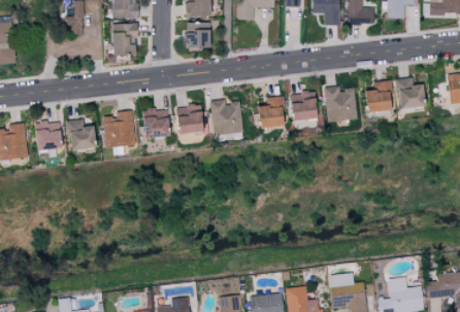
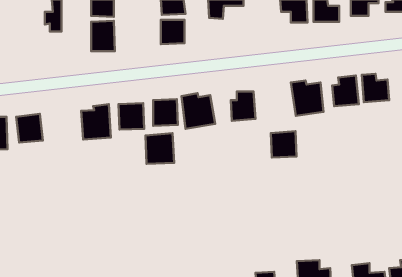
building: [292,92,319,119] -> [271,131,296,158]
building: [66,119,97,149] -> none
building: none -> [146,133,174,164]

